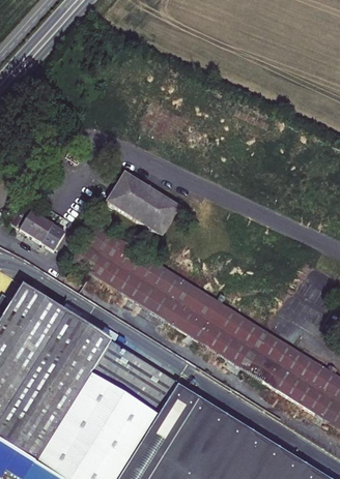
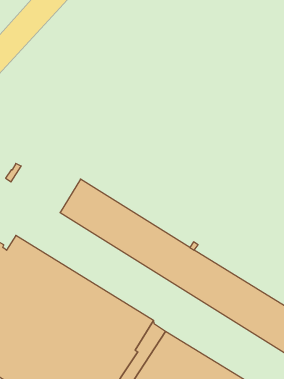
building: [113,177,185,239] -> none
building: [26,215,70,253] -> none

